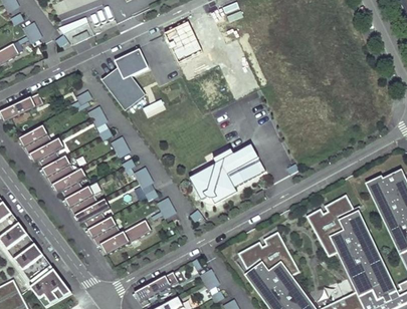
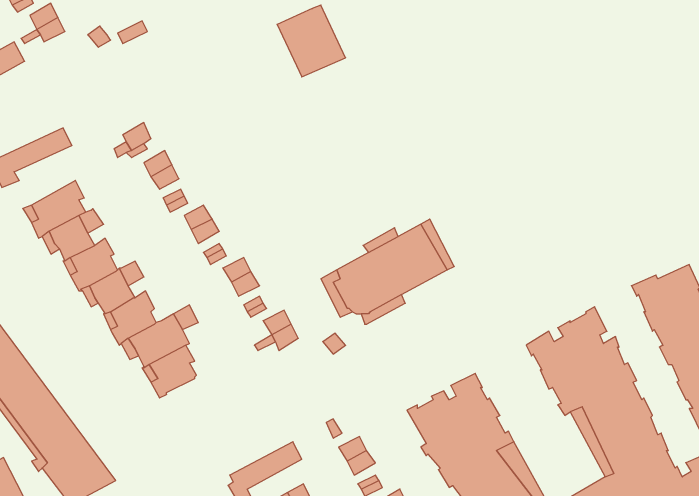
building: [101,49,149,111] -> none
building: [100,219,152,256] -> none

